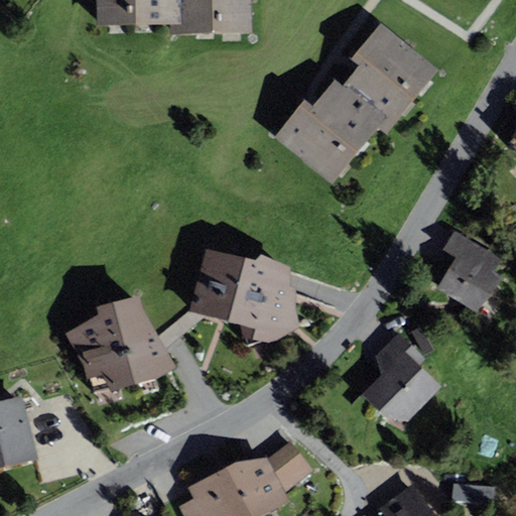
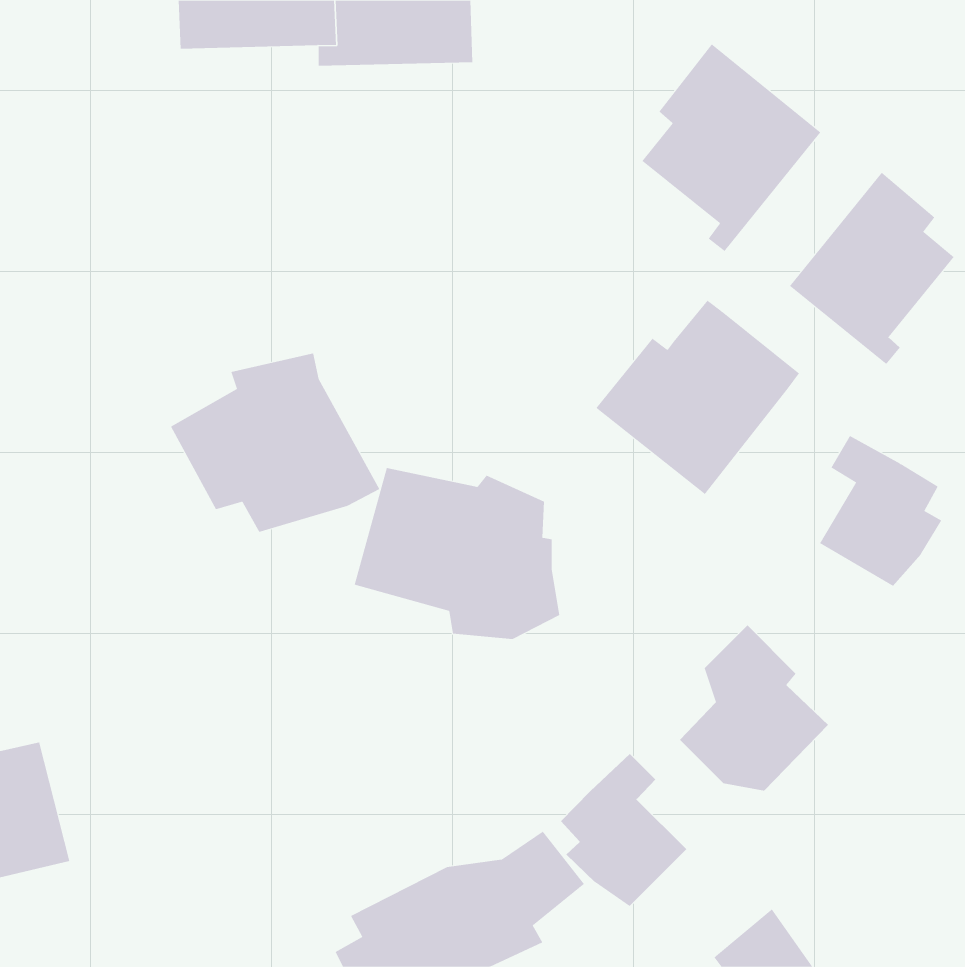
building: [274,80,383,183] -> [595,300,800,495]
building: none -> [789,172,955,365]
building: [62,295,174,391] -> [170,353,380,533]
building: none -> [560,753,687,907]

